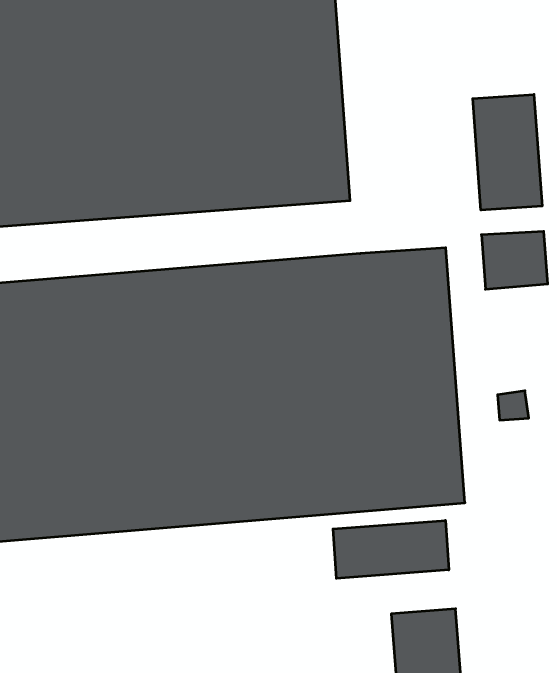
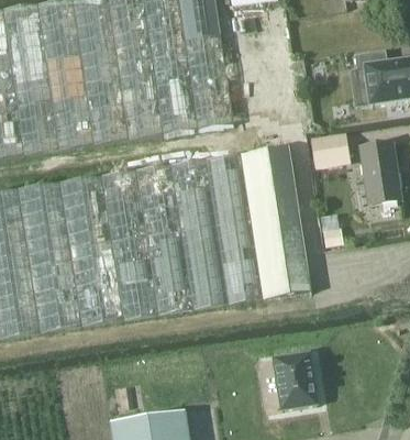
building: [473,94,542,210] -> none
building: [333,520,449,578] -> none

